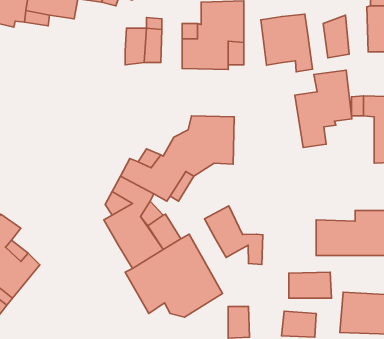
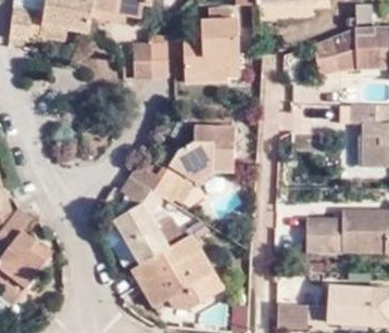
building: [261,14,312,72] -> none
building: [295,70,352,147] -> none
building: [204,206,263,264] -> none

